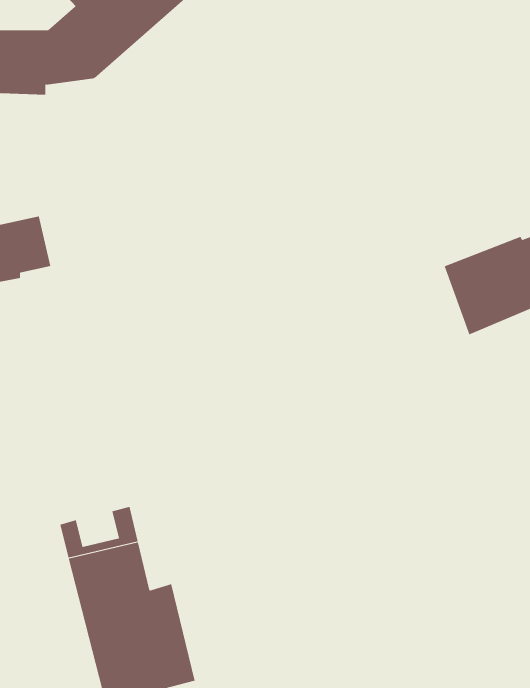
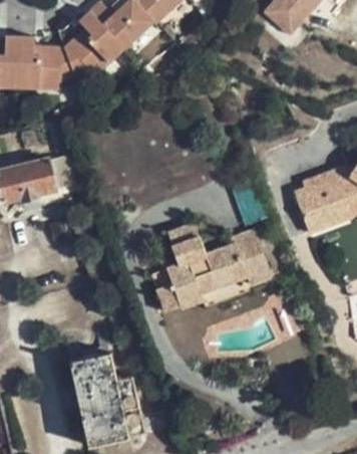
building: none -> [153,228,272,308]

